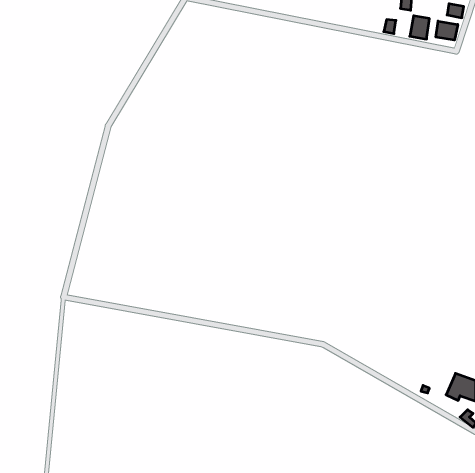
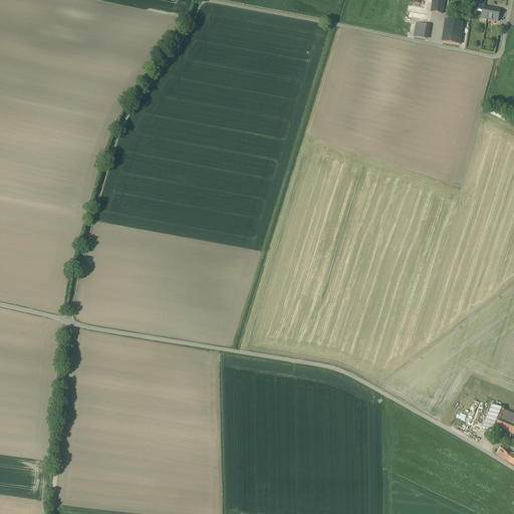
building: [436,21,458,40] -> none

